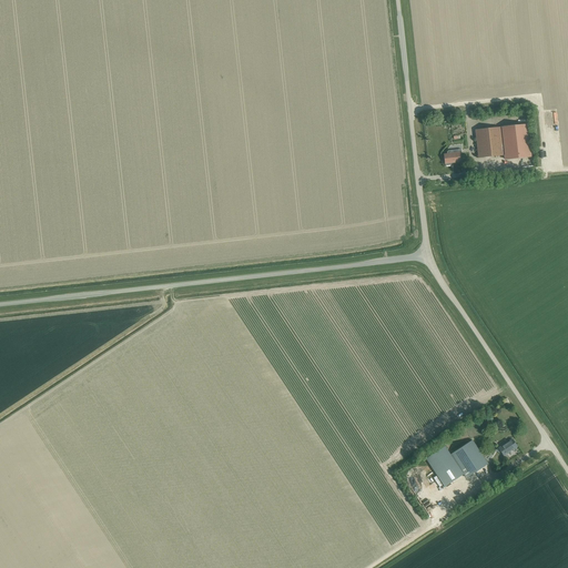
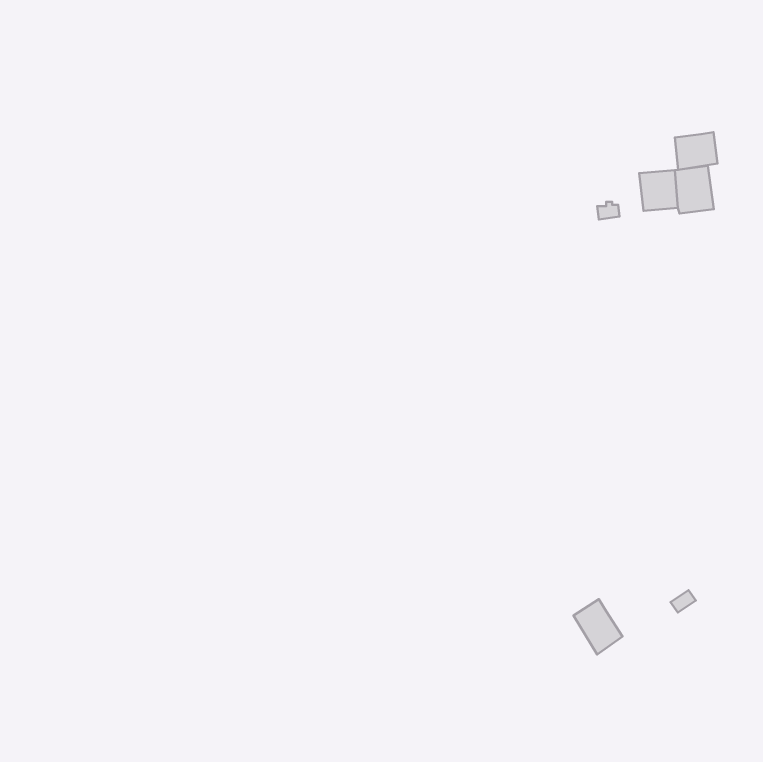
building: none -> [675,132,718,170]
building: [450,439,487,477] -> none

